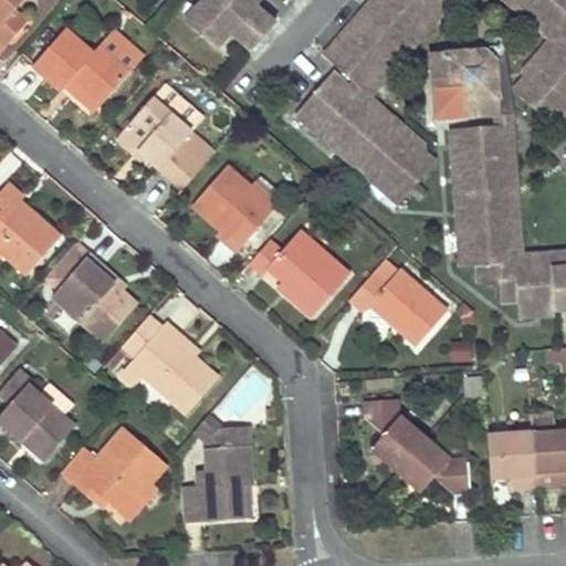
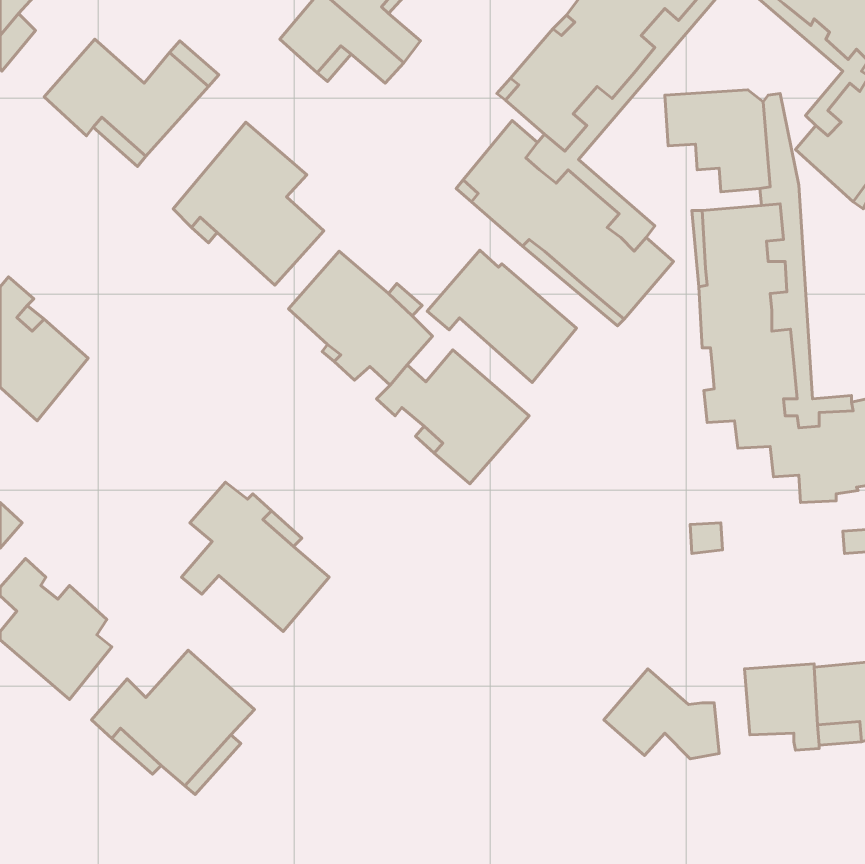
building: [51,254,135,339] -> none
building: [347,258,444,344] -> [427,250,576,383]
building: [363,397,423,469] -> none
building: [179,412,251,516] -> none

